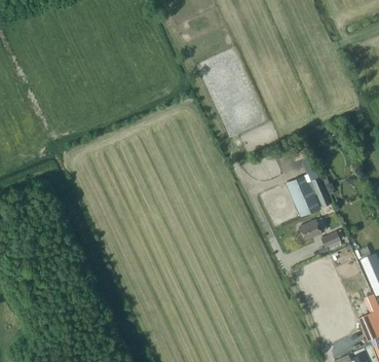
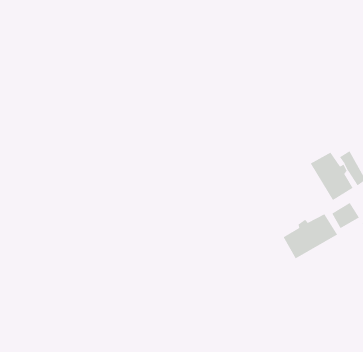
building: none -> [283,213,338,259]

